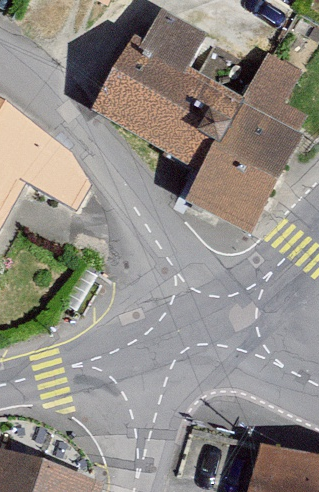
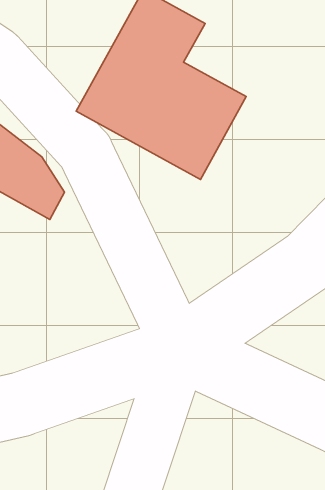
building: [195,58,304,225] -> none

